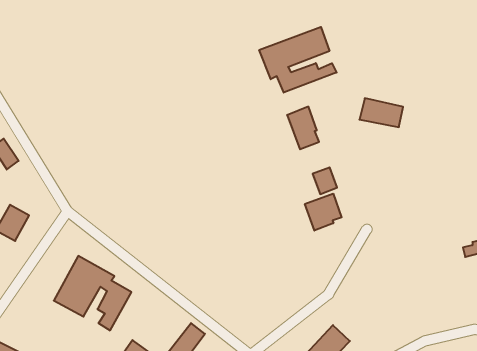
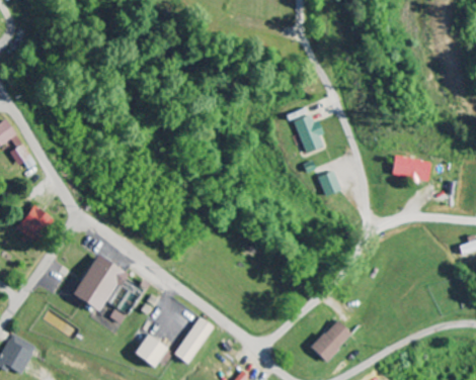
building: [259,27,337,93] -> none
building: [359,98,403,127] -> [391,155,432,182]
building: [305,194,342,231] -> none

